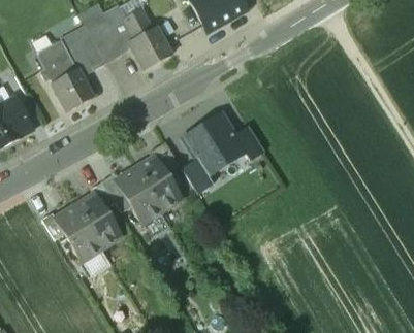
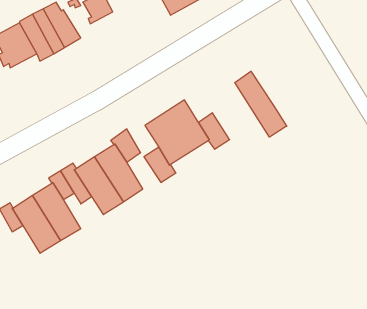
building: [130,26,171,68] -> none
building: [53,68,93,109] -> none
building: none -> [235,71,287,137]

